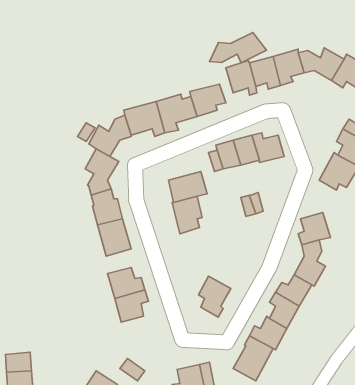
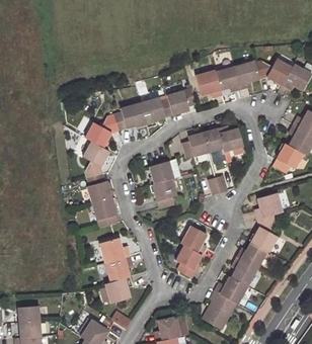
building: [209,32,266,63] -> none
building: none -> [180,224,207,254]
building: none -> [105,276,133,303]

